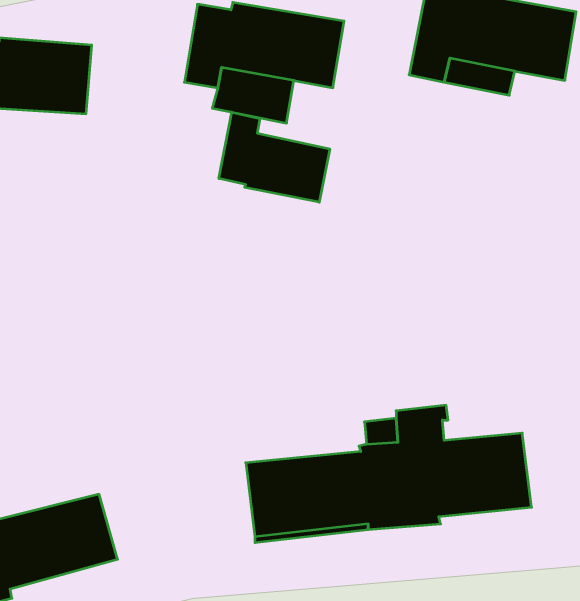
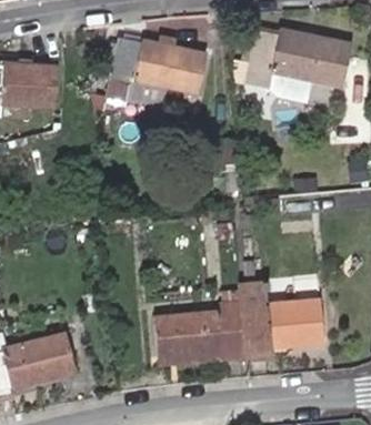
building: [219,112,330,202] -> none

